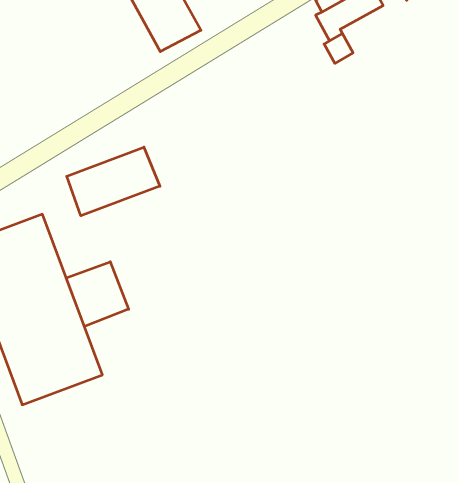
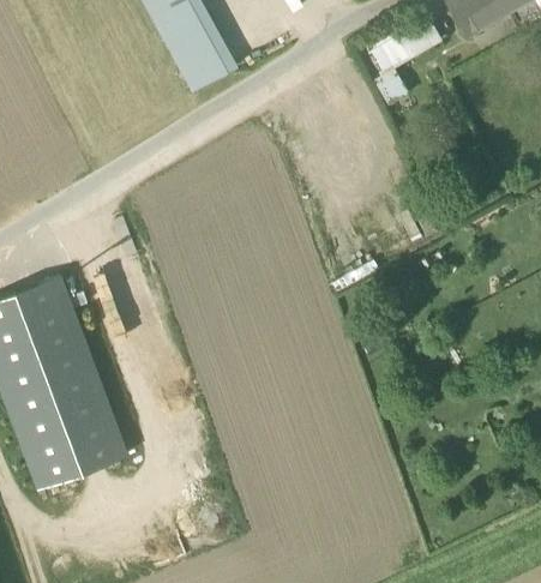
building: [67,147,160,216] -> none
building: [66,262,129,327] -> none

